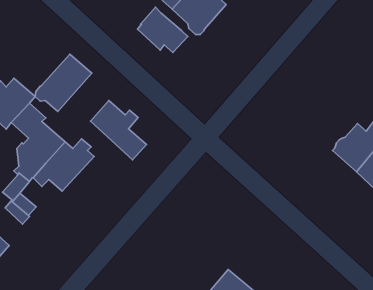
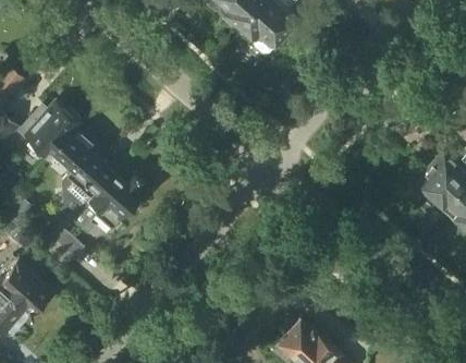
building: [138,7,188,53] -> none
building: [35,54,92,111] -> none
building: [91,100,147,160] -> none

